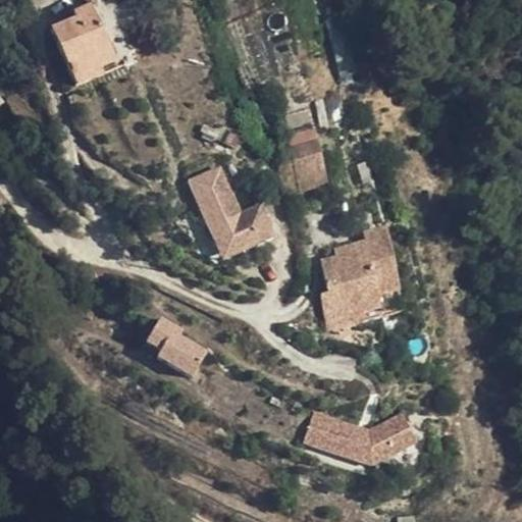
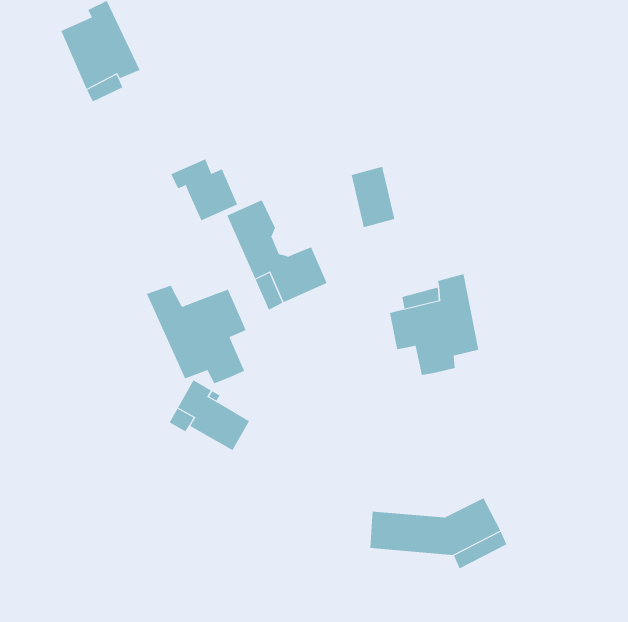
building: none -> [170,159,238,221]
building: none -> [146,285,247,384]
building: [320,286,363,326] -> none

